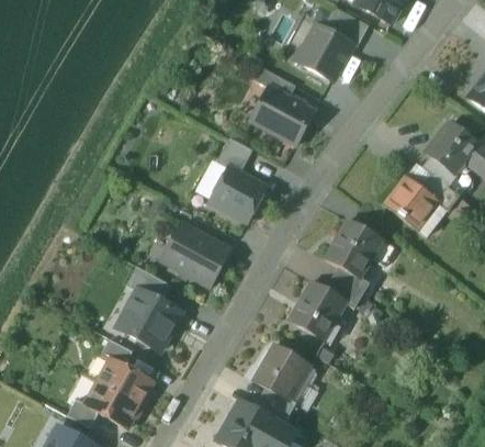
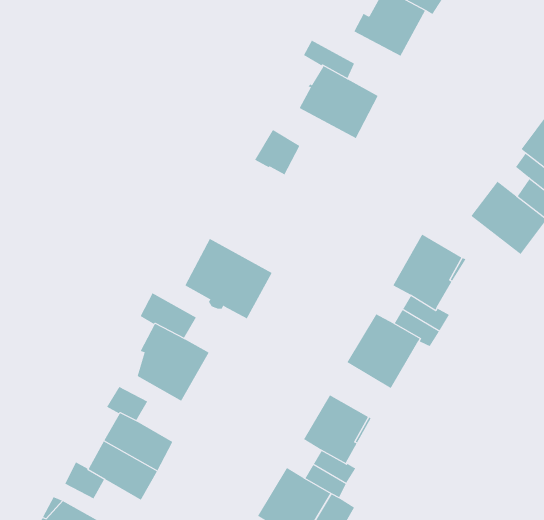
building: [208,166,266,221] -> none

